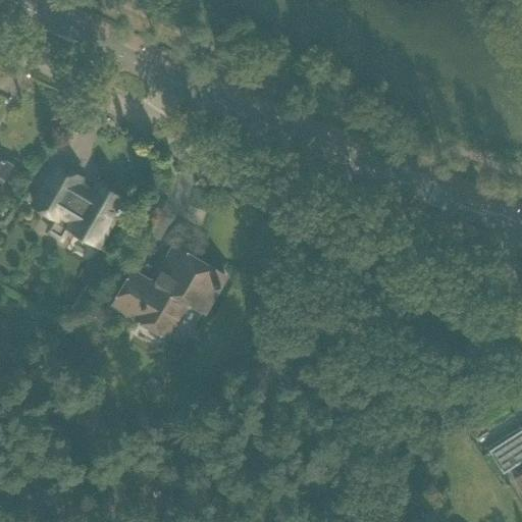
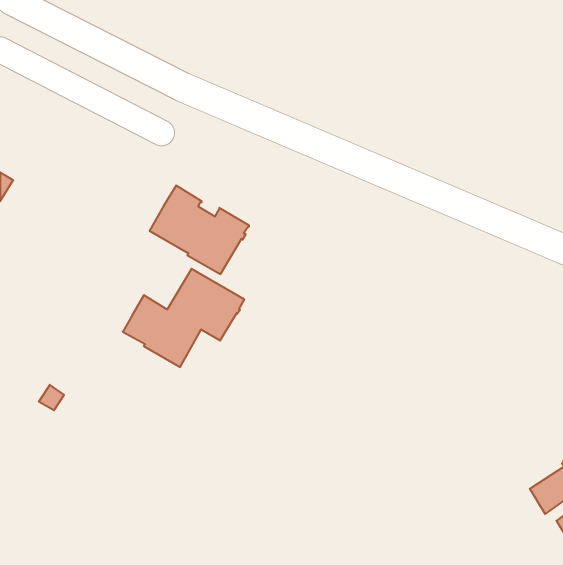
building: [35,164,126,246] -> [150,186,249,274]

